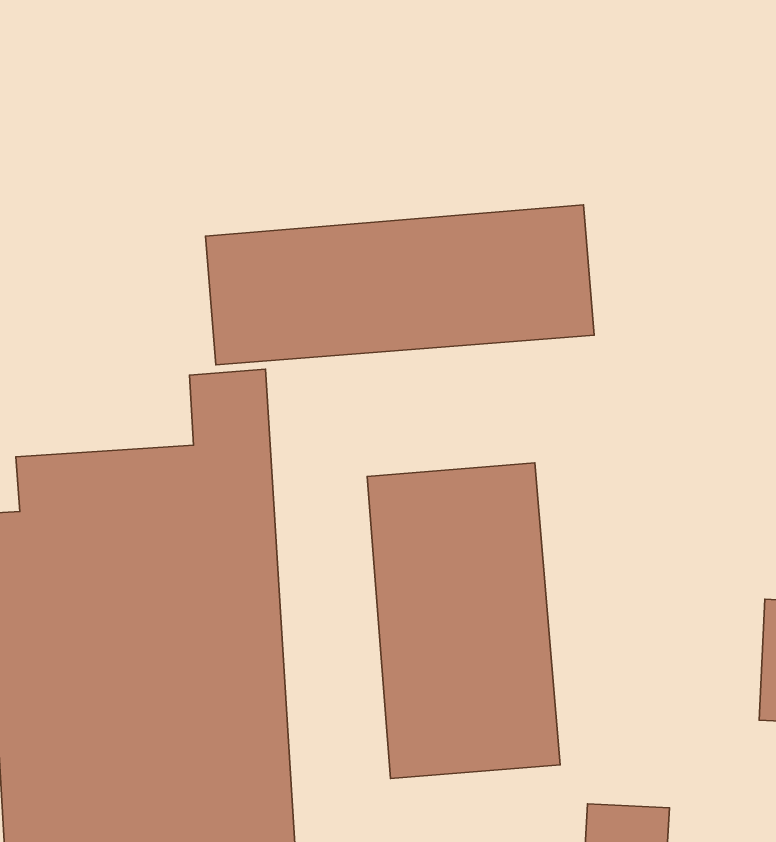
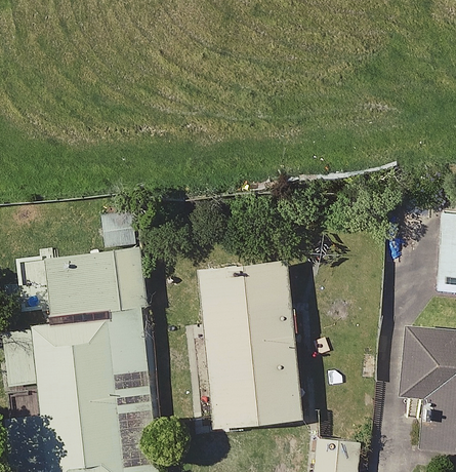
building: [206,205,594,365] -> none

